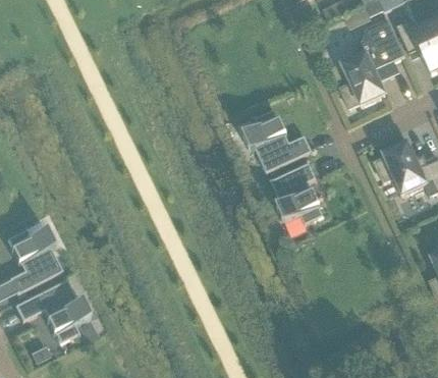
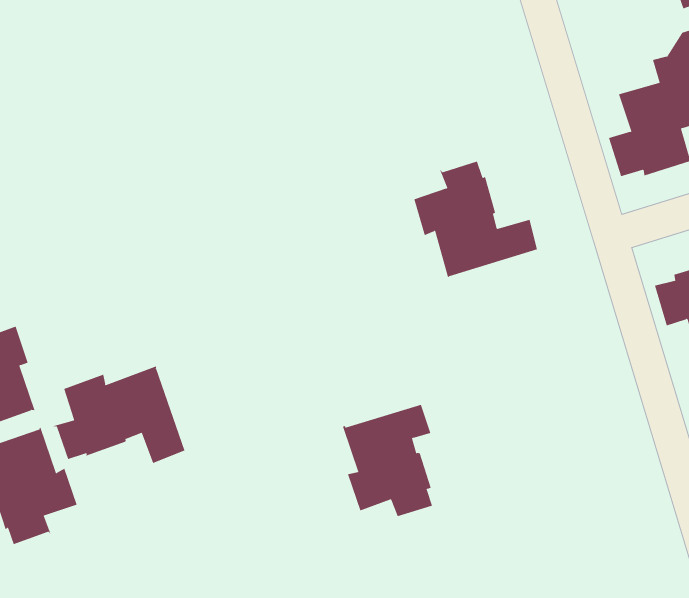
building: [269,161,322,222] -> [342,404,433,519]
building: none -> [52,366,185,464]

